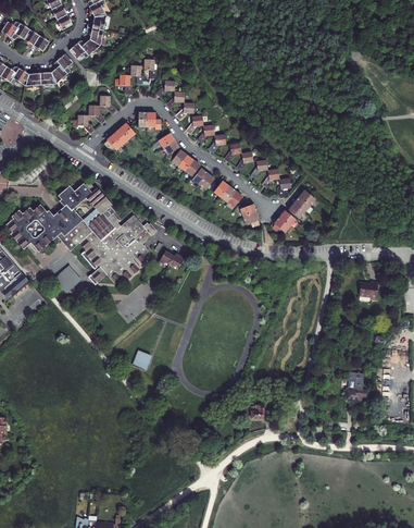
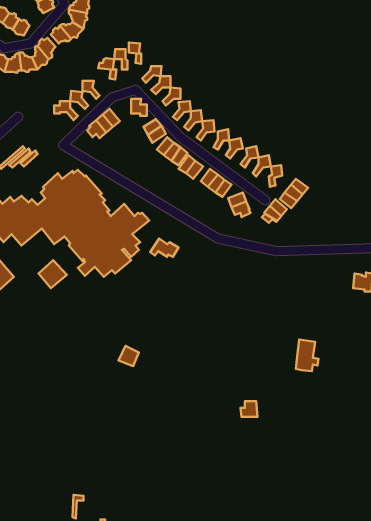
building: [347,371,368,402] -> [296,340,319,371]

